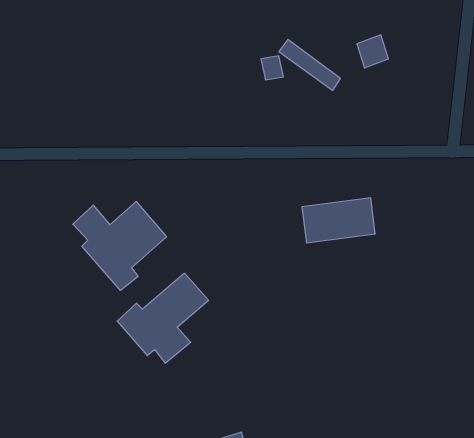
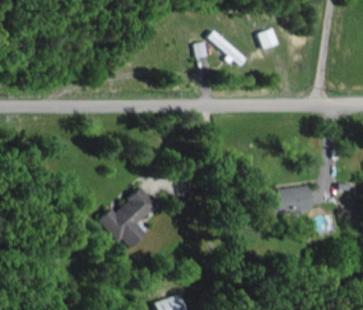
building: [302,198,375,243] -> [263,186,313,216]
building: [73,201,166,290] -> none

